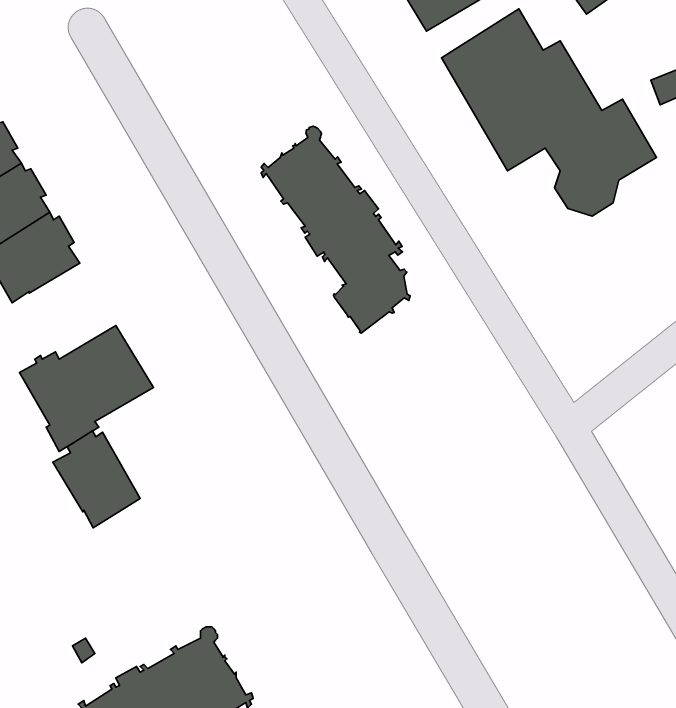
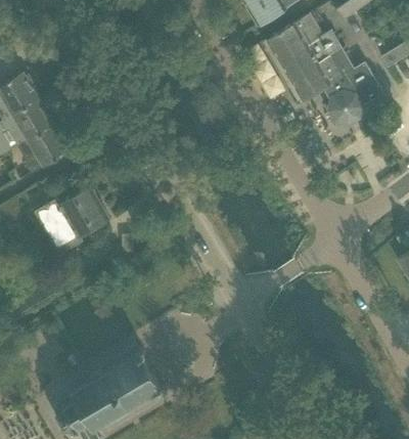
building: [261,126,410,333] -> none
building: [53,431,140,528] -> none

